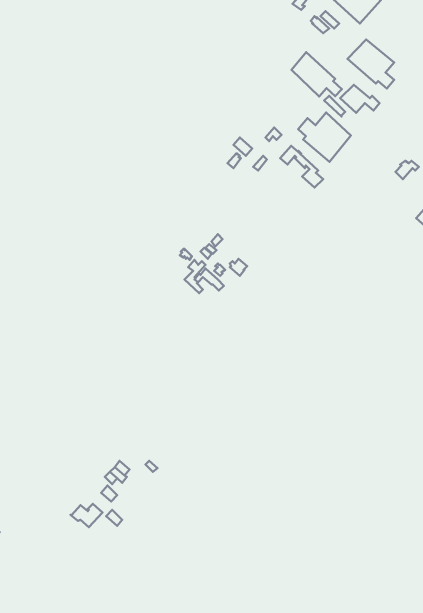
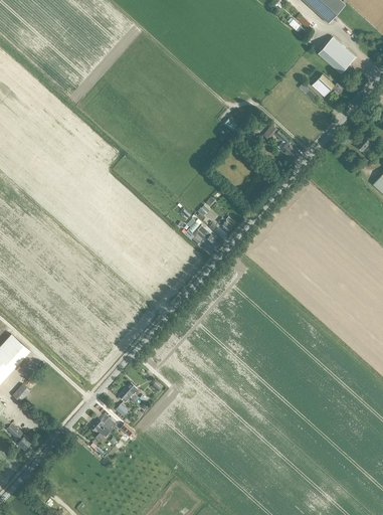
building: [291,52,342,96] -> none
building: [298,113,351,162] -> none

